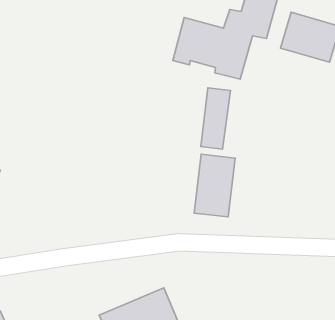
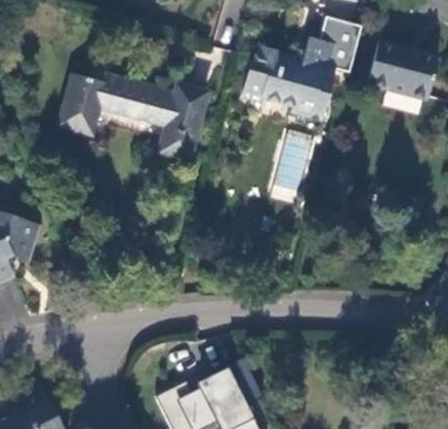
building: none -> [59,75,205,161]
building: [194,154,235,217] -> none

